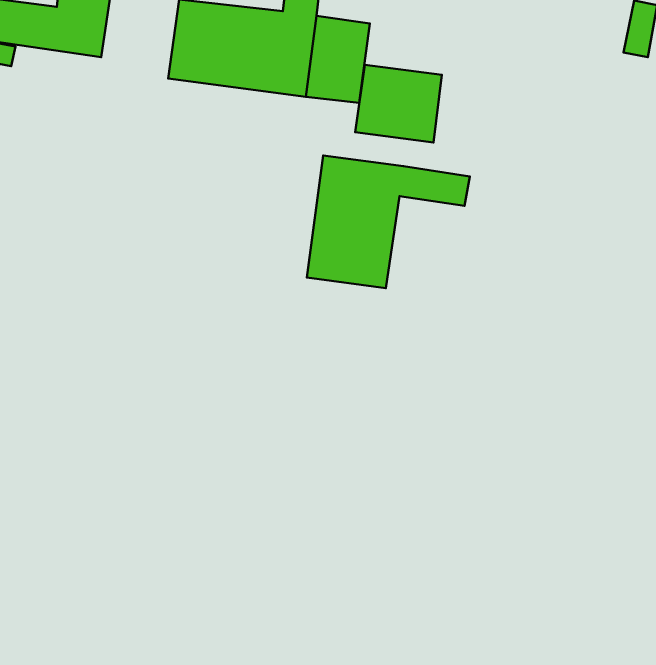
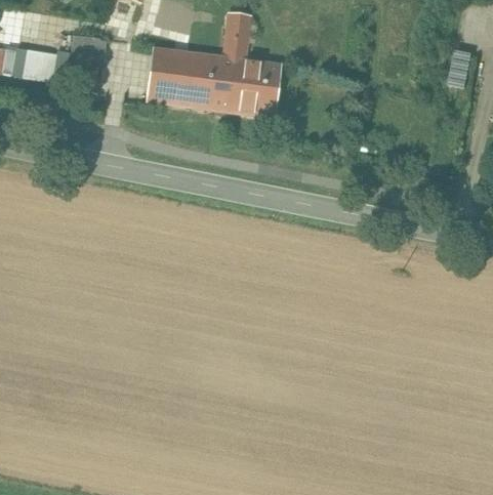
building: [355,65,442,142] -> none
building: [307,156,470,288] -> none

